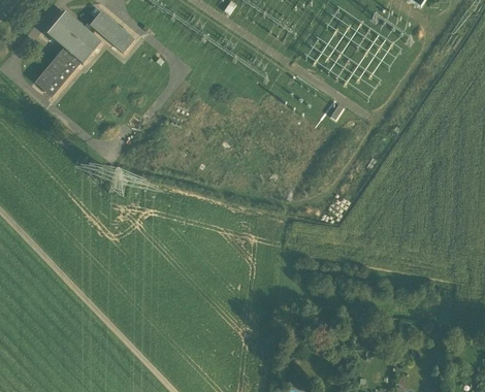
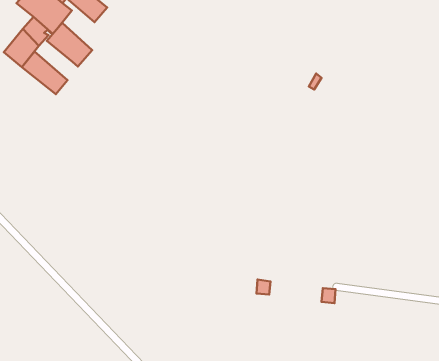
building: none -> [47,23,92,67]
building: none -> [22,52,67,94]

